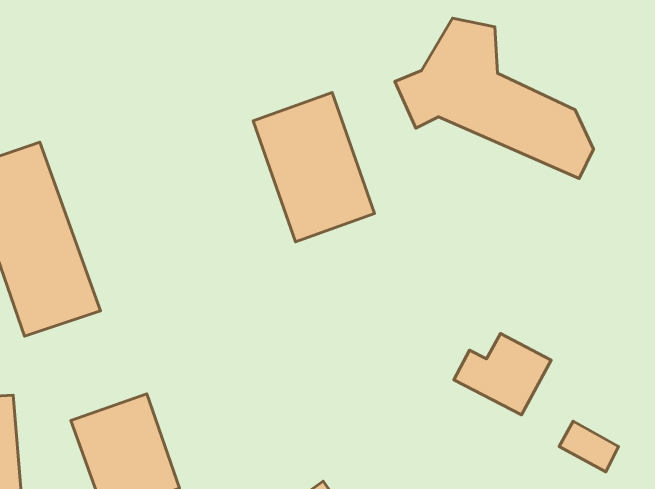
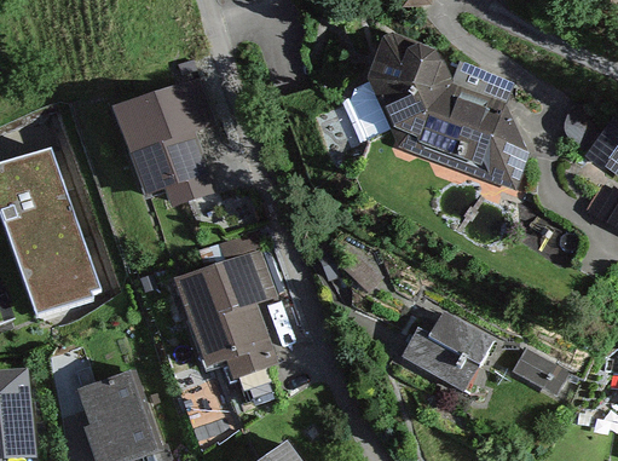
building: [253,93,374,242] -> [116,85,220,213]
building: none -> [175,254,279,374]
building: [559,421,618,472] -> [515,345,566,388]

